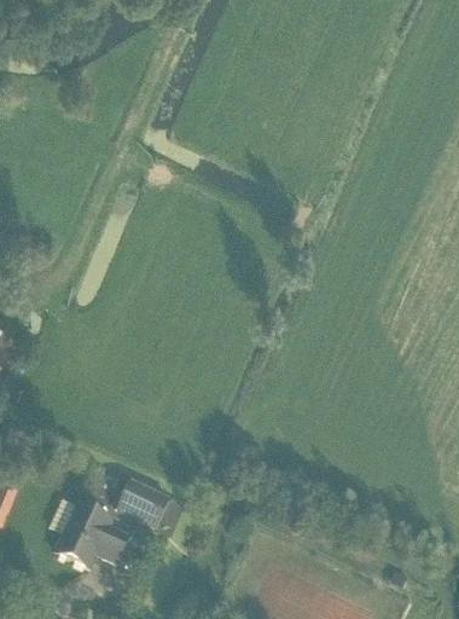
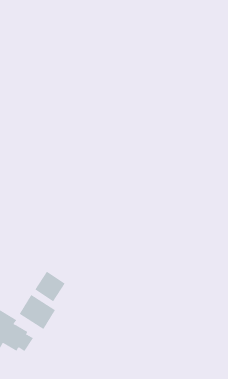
building: none -> [35,271,65,302]

